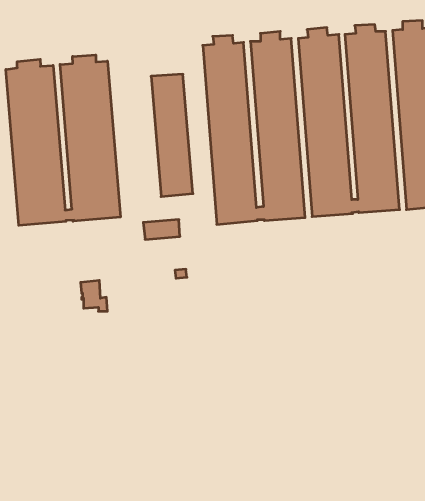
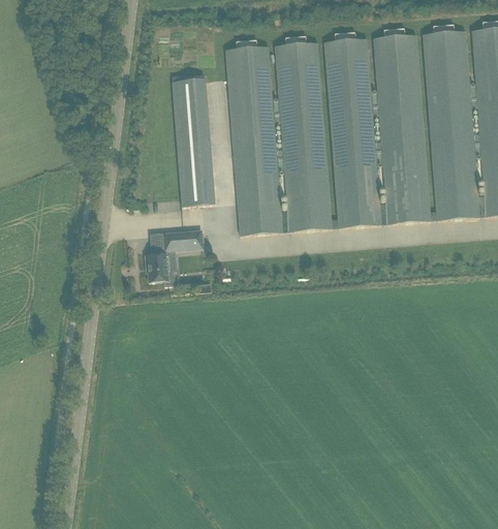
building: [6,55,120,225] -> none
building: [81,280,107,311] -> [146,253,174,285]

